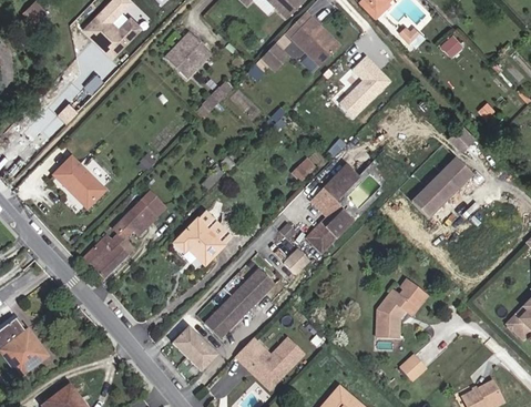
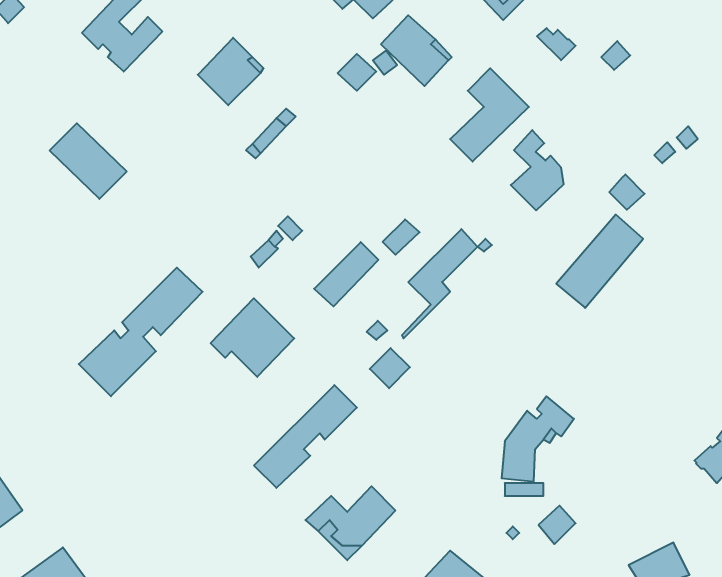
building: none -> [511,130,563,210]
building: [52,156,105,208] -> [50,123,127,199]
building: [306,207,350,252] -> [314,242,378,306]
building: [170,324,217,372] -> none

